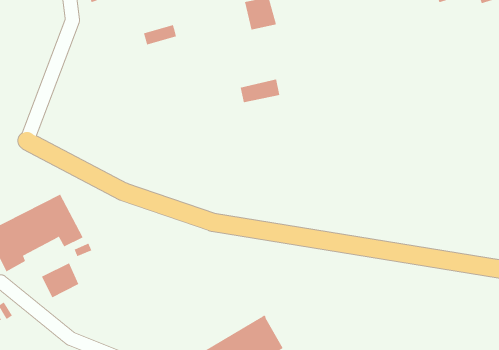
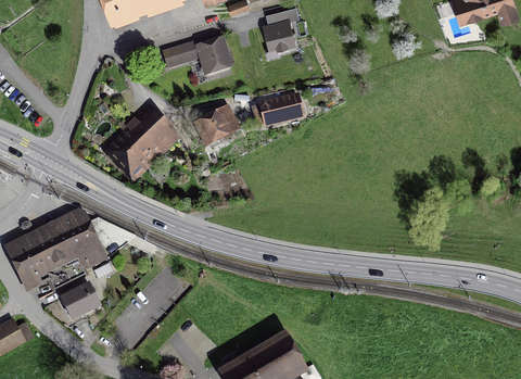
building: none -> [195,38,229,71]
building: none -> [195,109,236,141]
building: none -> [109,110,173,173]

